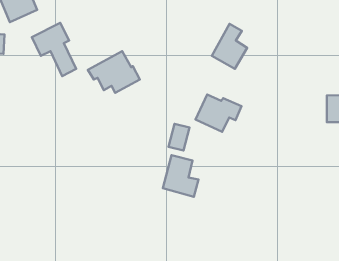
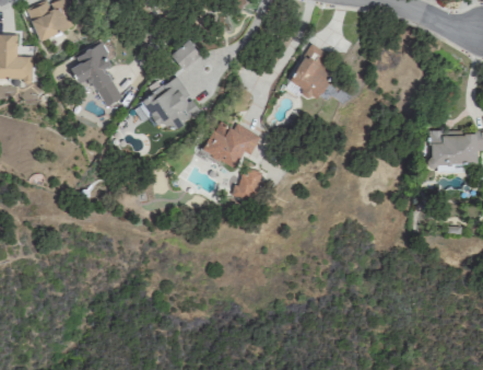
building: none -> [172,41,201,69]
building: [196,95,242,132] -> [203,122,260,167]
building: [163,155,199,197] -> none

